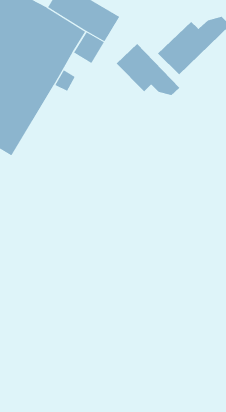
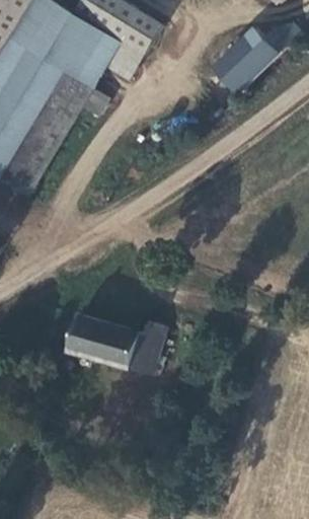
building: [116,43,180,96] -> none
building: none -> [68,314,167,377]

